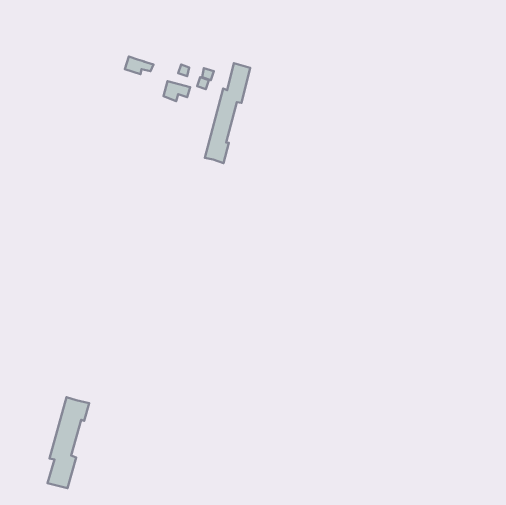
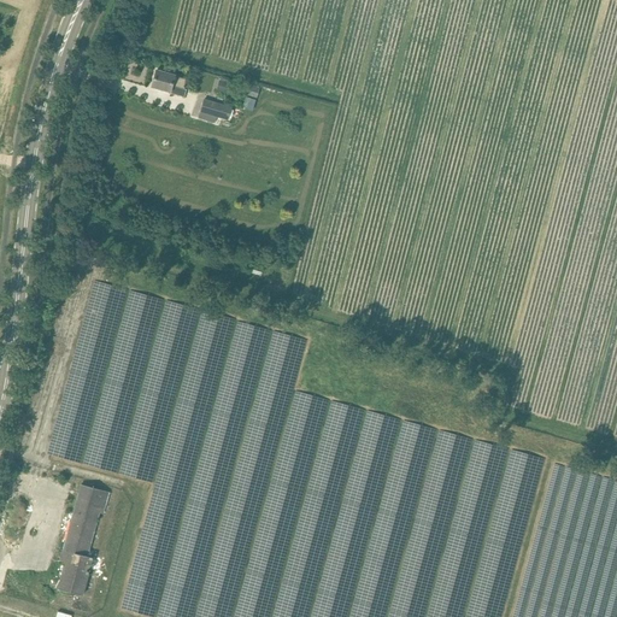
building: [205,63,250,163] -> none

